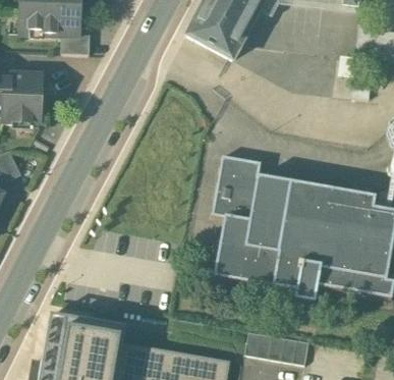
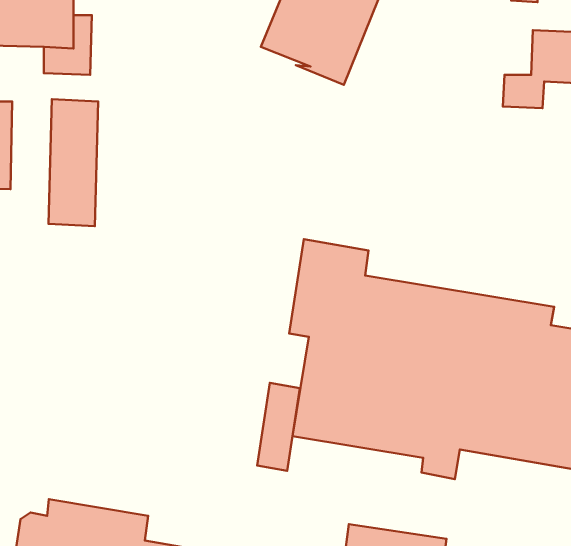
building: none -> [48,99,98,226]
building: none -> [257,383,300,471]

